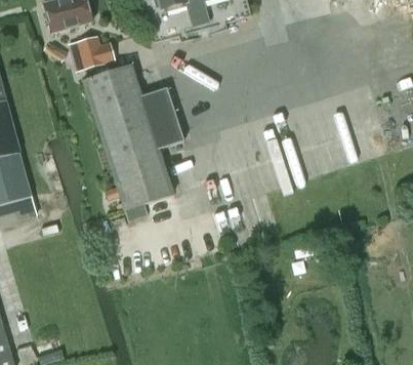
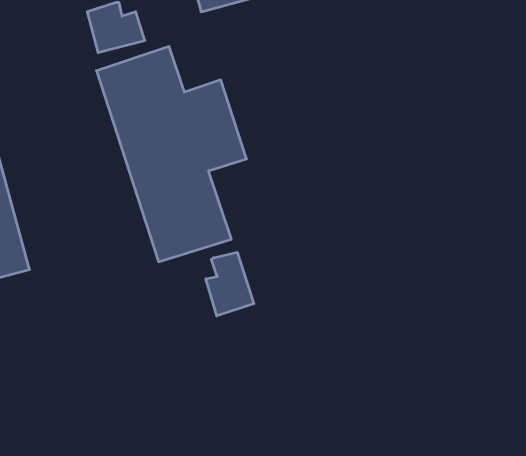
building: none -> [206,252,254,316]

